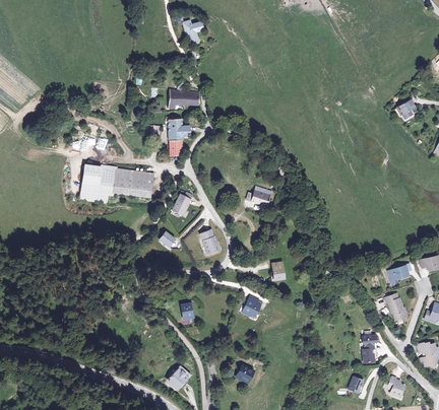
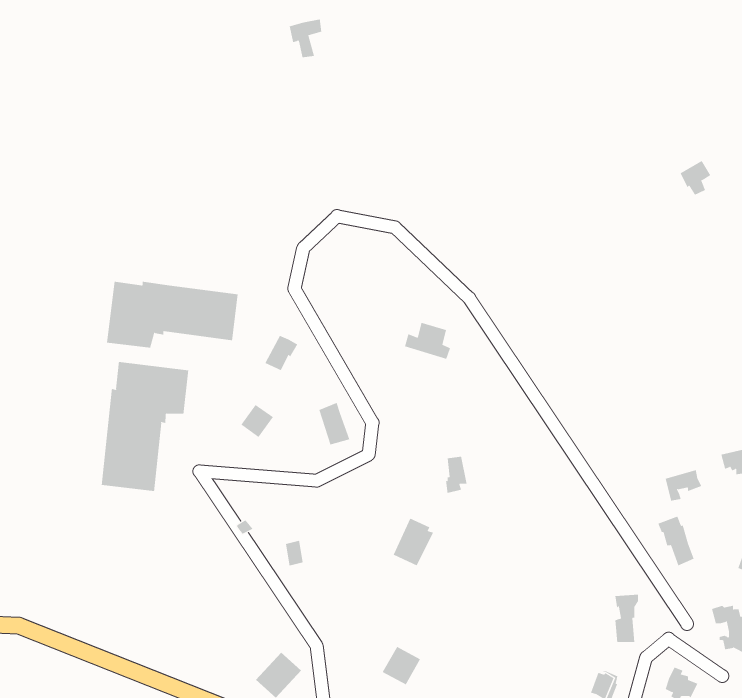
building: [170,90,200,109] -> none
building: [166,116,189,158] -> none
building: none -> [101,361,189,492]

